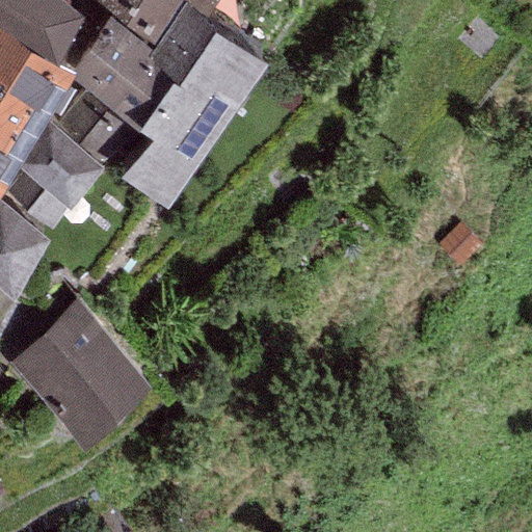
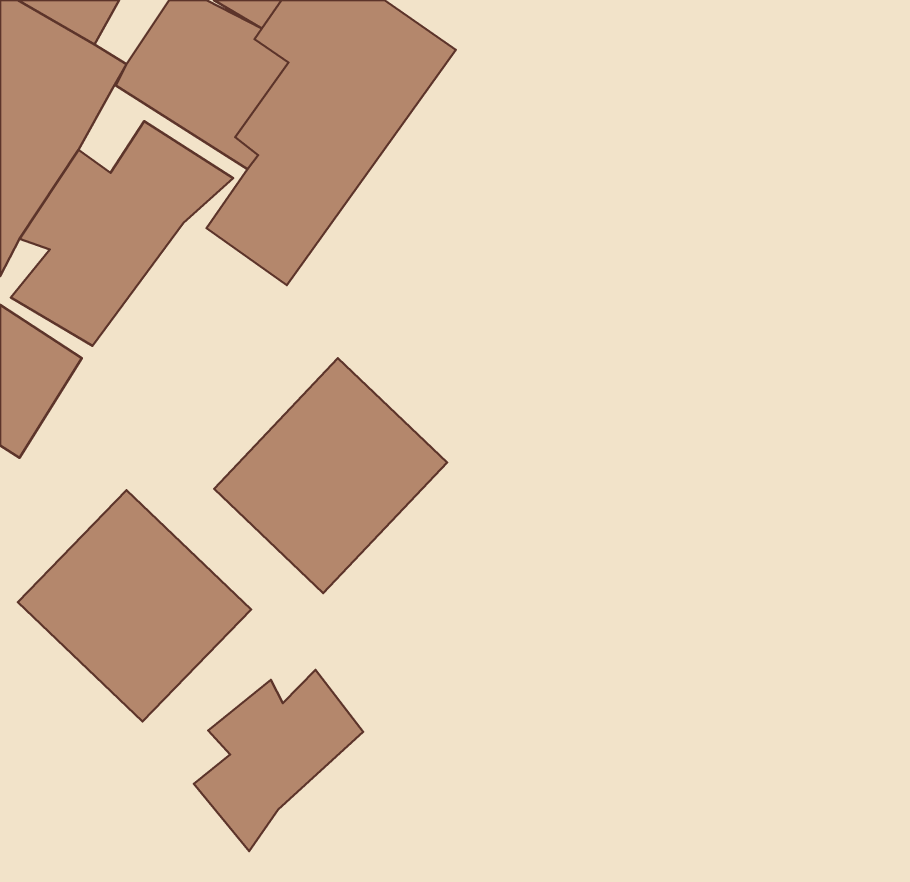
building: none -> [214,358,447,593]
building: none -> [194,670,363,851]

